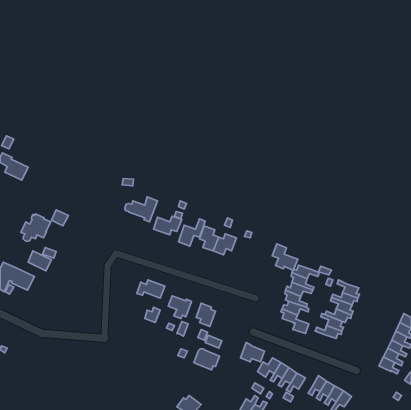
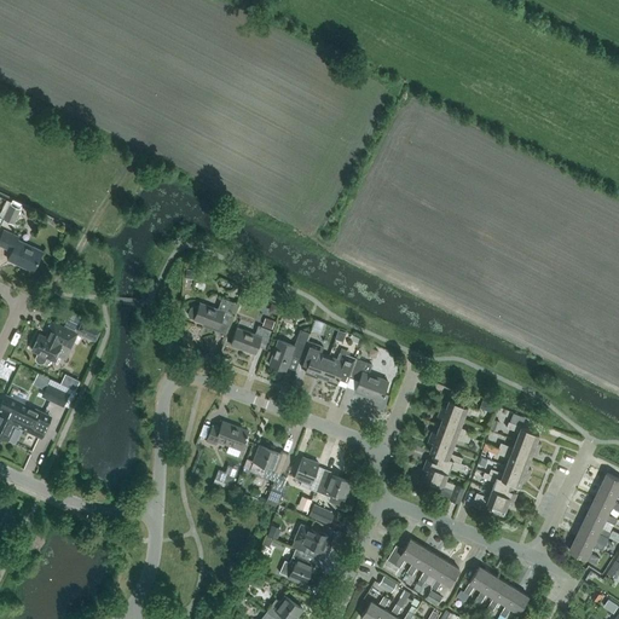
building: [272,244,298,270] -> [349,359,388,399]
building: [241,342,265,362] -> [316,469,352,498]
building: none -> [279,549,318,585]

